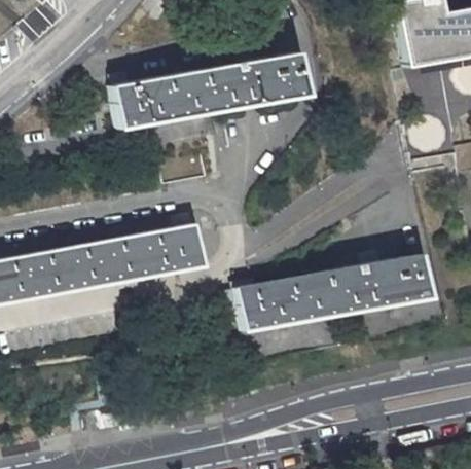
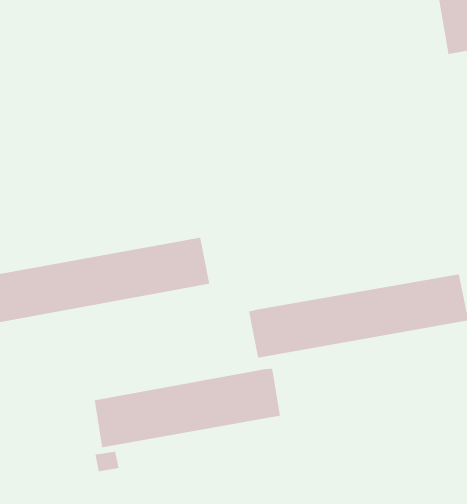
building: [112,56,303,128] -> none
building: none -> [94,368,281,448]

